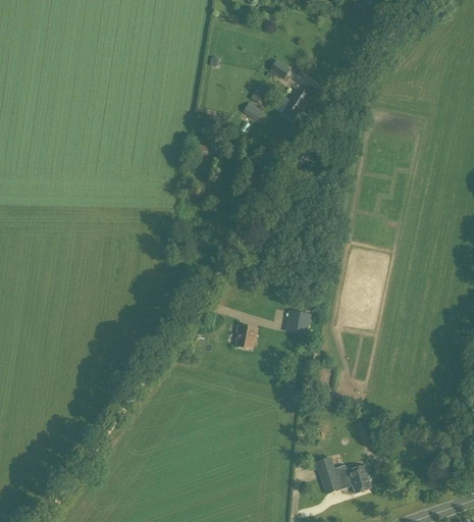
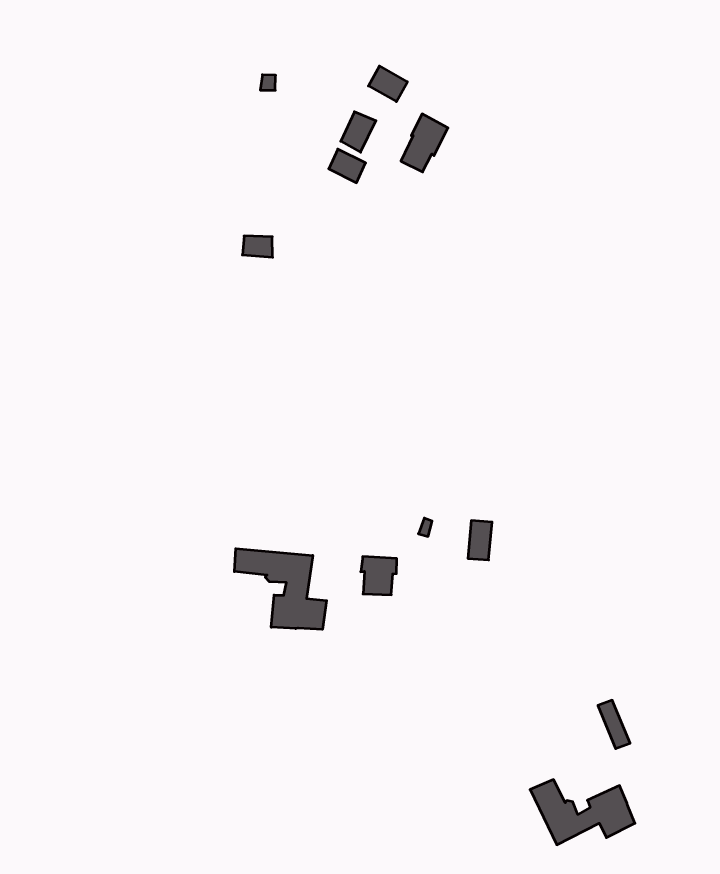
building: none -> [234,549,327,629]

